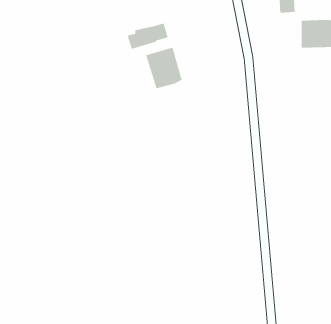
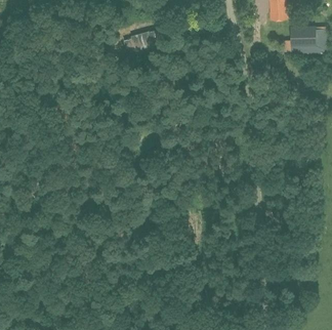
building: [146,47,182,89] -> none

